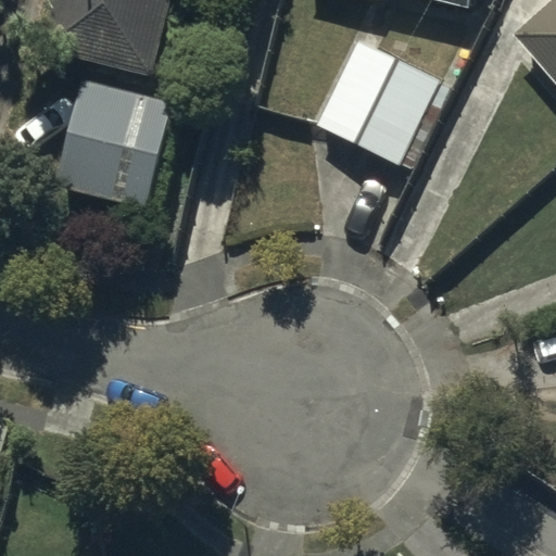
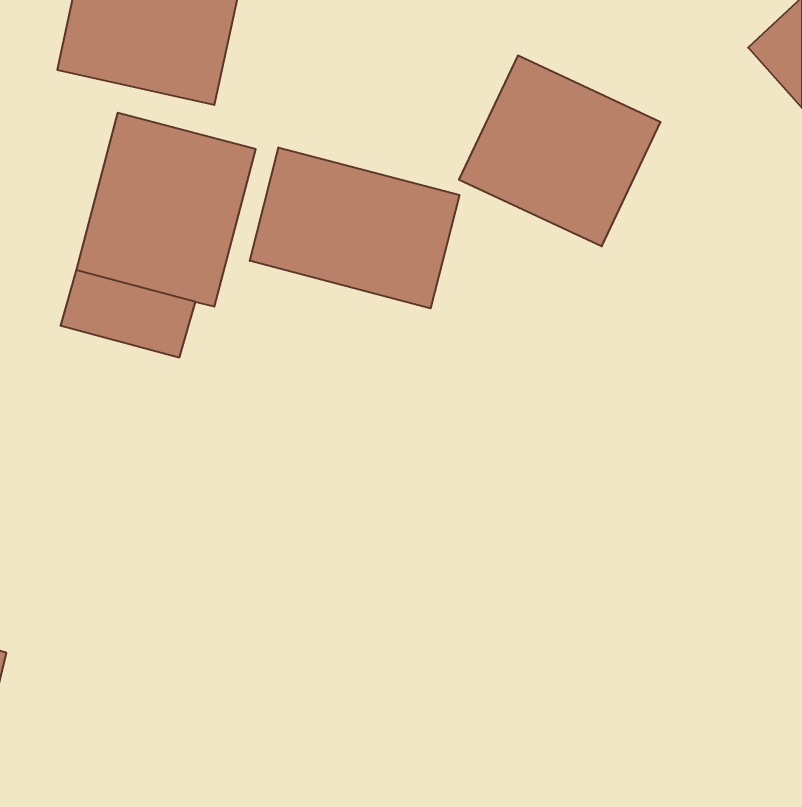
building: none -> [250,147,459,308]

